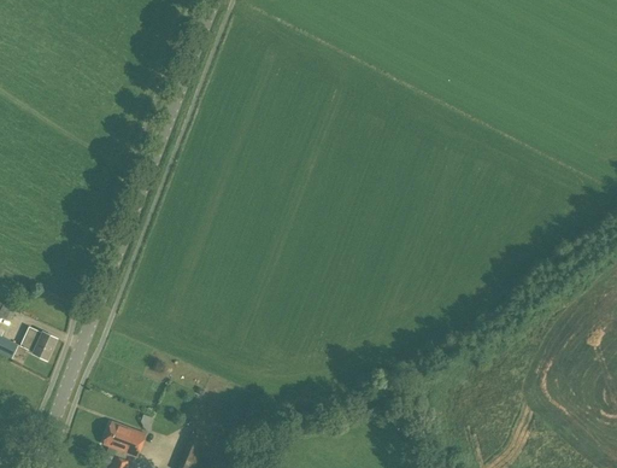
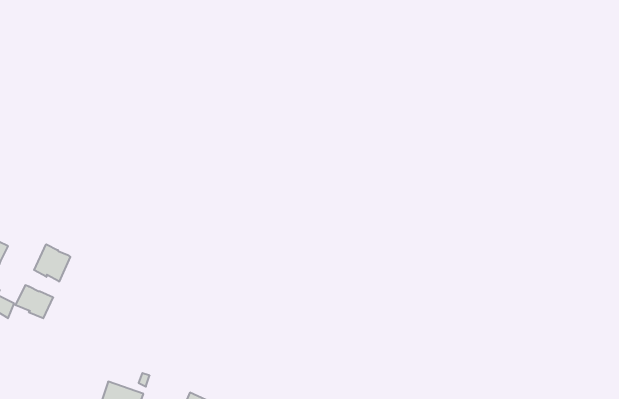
building: none -> [34,244,70,282]

